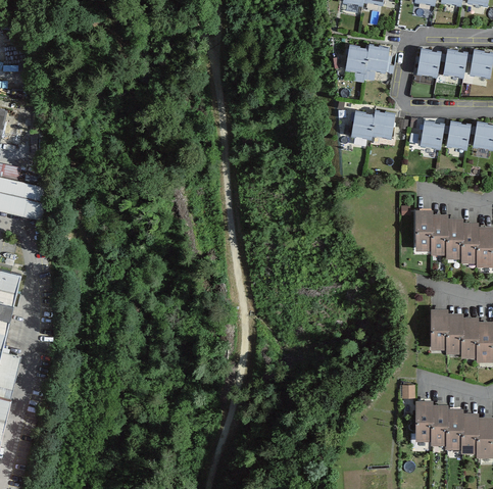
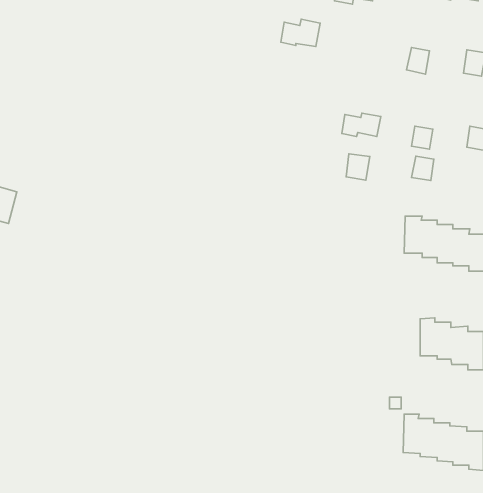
building: [349,43,387,69] -> [281,19,320,47]
building: [444,51,465,76] -> none
building: [447,126,469,149] -> [412,156,434,181]
building: none -> [346,154,370,180]

